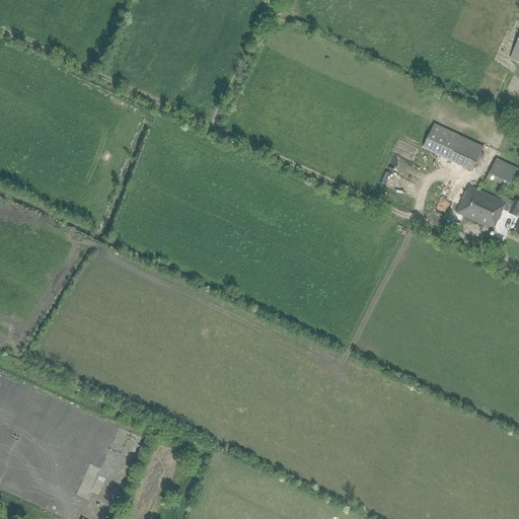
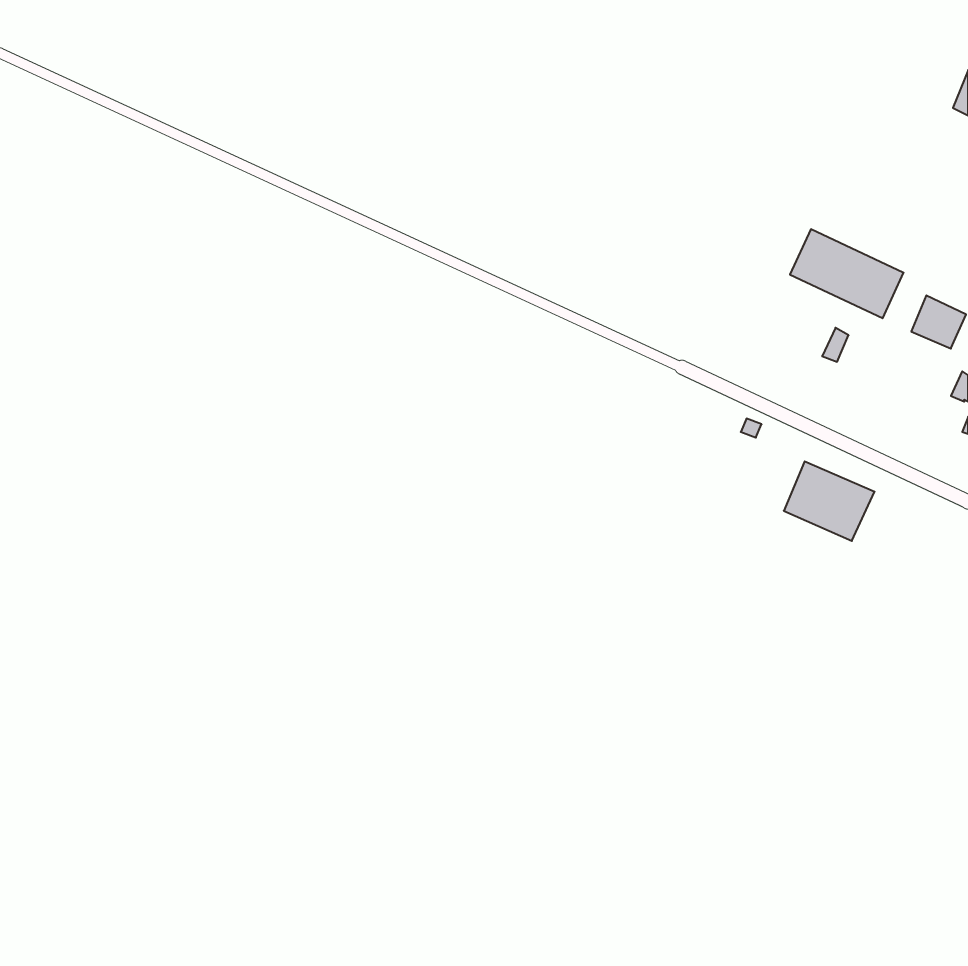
building: [457,186,506,228] -> [784,461,875,541]

